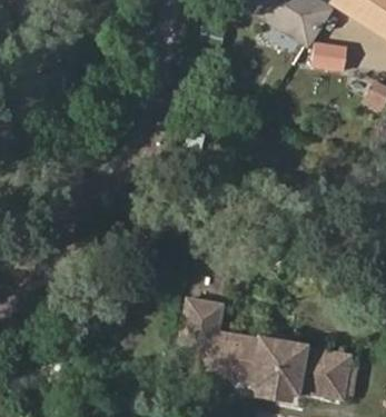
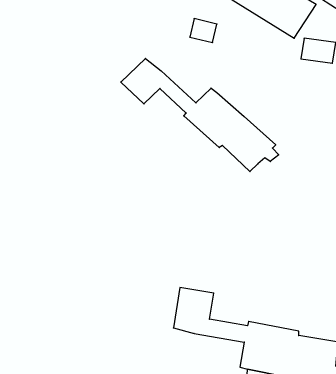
building: none -> [121,58,279,172]
building: [199,344,255,378] -> none

